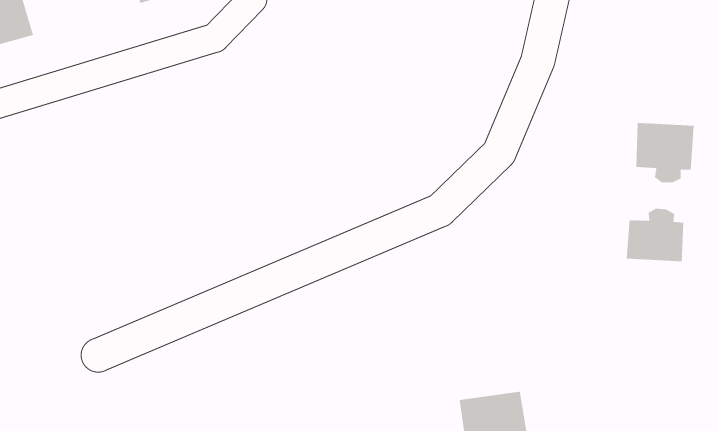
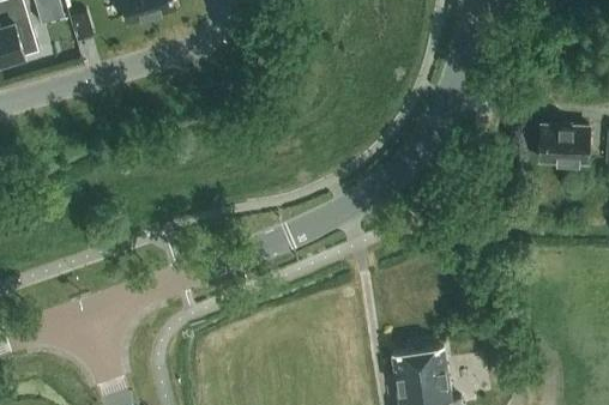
building: [626,208,684,262] -> none

